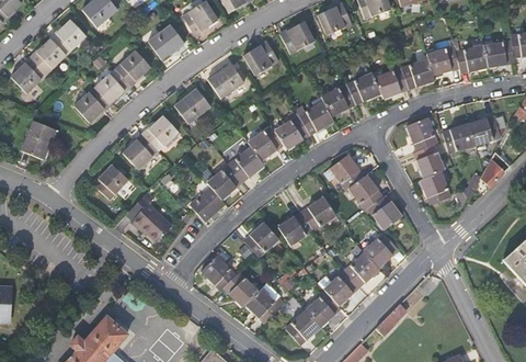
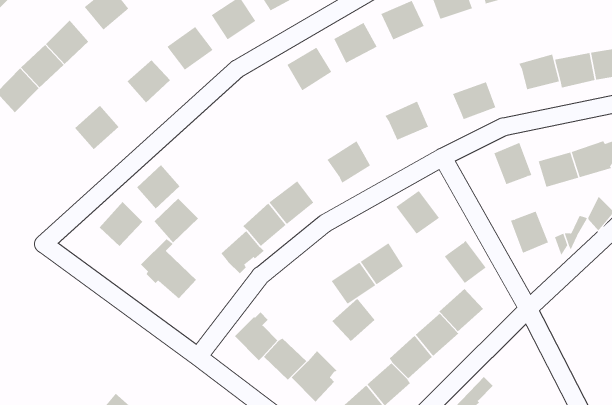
building: [401,58,434,89] -> none
building: [207,64,243,99] -> none
building: [94,68,130,104] -> none
building: [346,72,380,104] -> none
building: [174,88,210,124] -> none
building: [298,101,333,135] -> none
building: [142,115,179,151] -> [153,198,199,243]
building: [21,121,56,159] -> none
building: [248,126,284,160] -> none
building: [413,144,444,178] -> none
building: [348,174,382,210] -> none
building: [243,222,278,257] -> [331,298,376,342]

